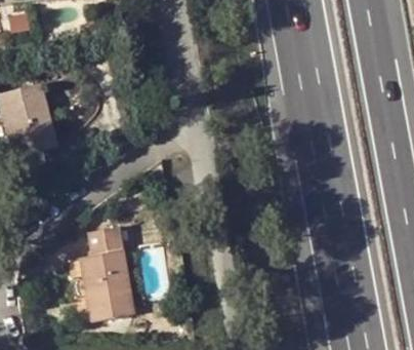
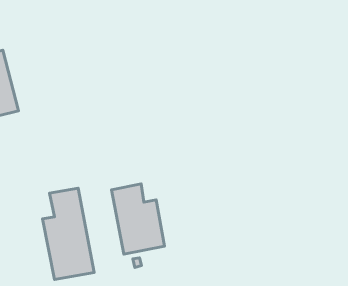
building: none -> [112,184,164,254]

